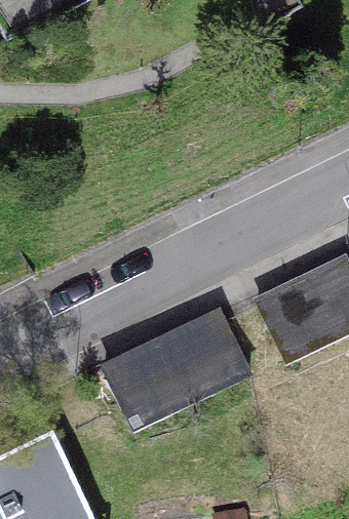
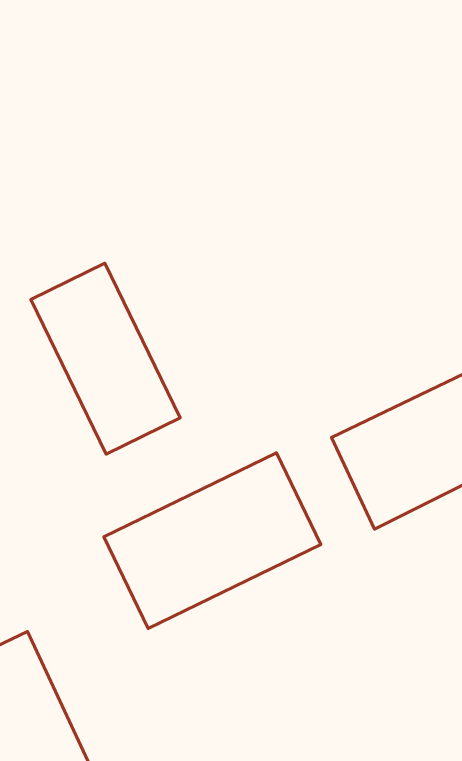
building: none -> [31,263,180,454]

